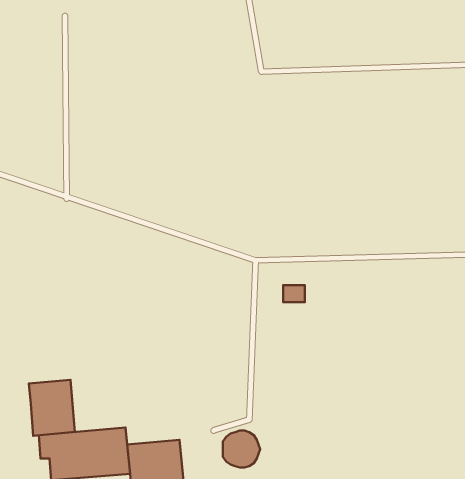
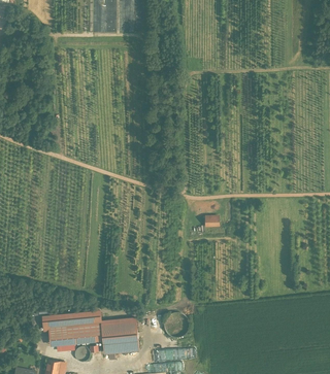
building: [29,380,75,436] -> none

